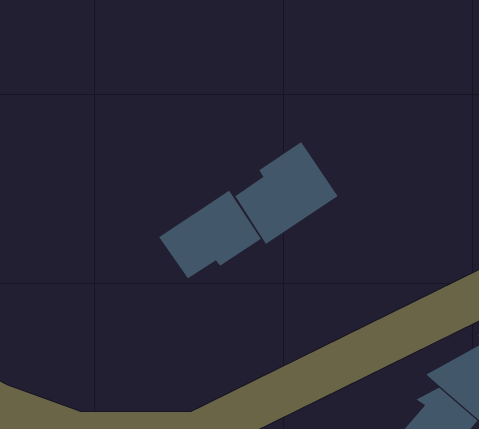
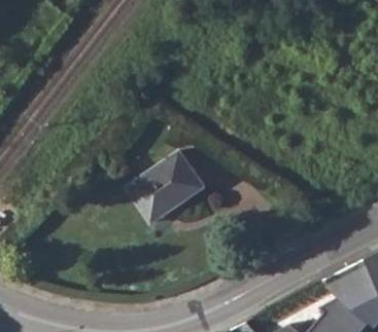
building: [234,141,338,245] -> none

